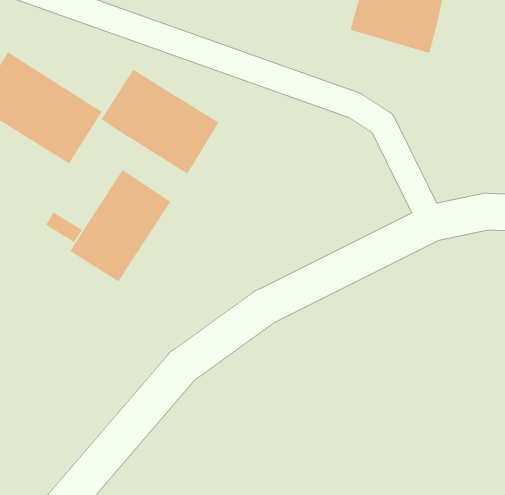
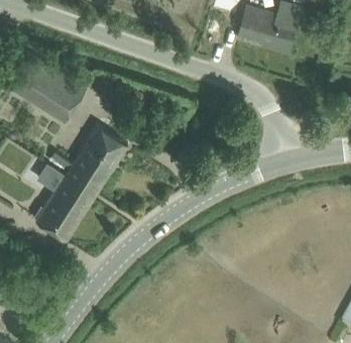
building: [101,69,219,175] -> none
building: none -> [34,161,94,239]

